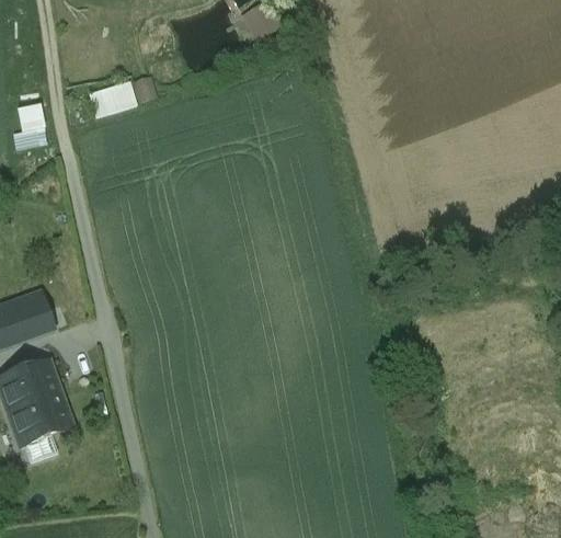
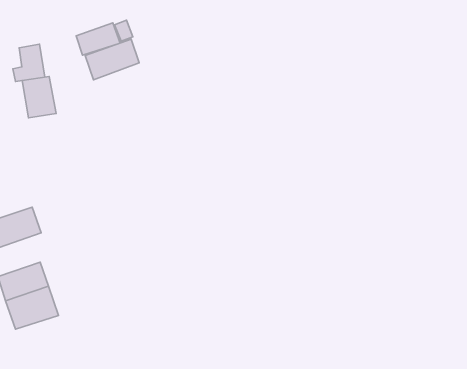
building: none -> [85,39,139,80]
building: none -> [22,76,56,118]

